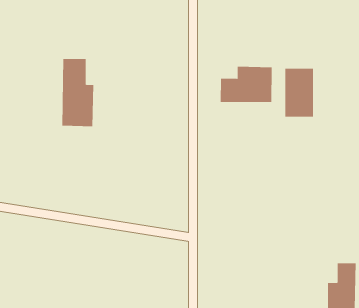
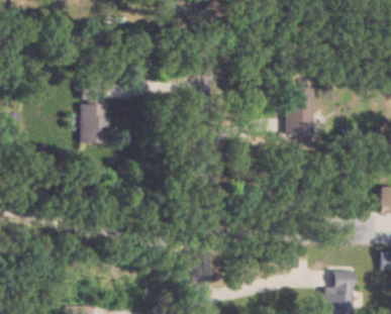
building: [220,66,272,103] -> none

